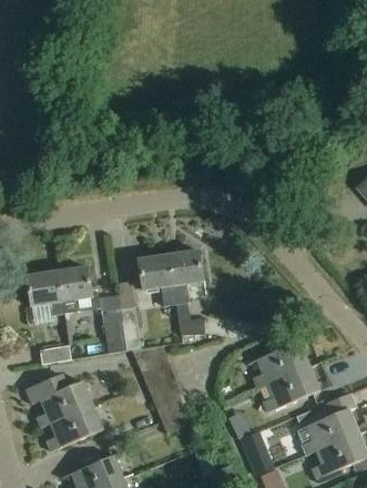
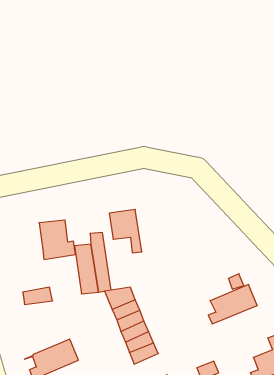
building: [169,251,204,335] -> none
building: [27,271,63,315] -> none
building: [263,366,319,411] -> none
building: [26,374,93,428] -> none

